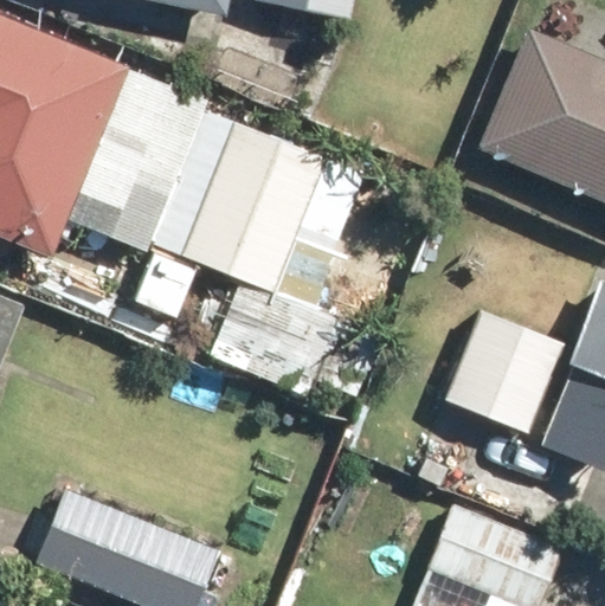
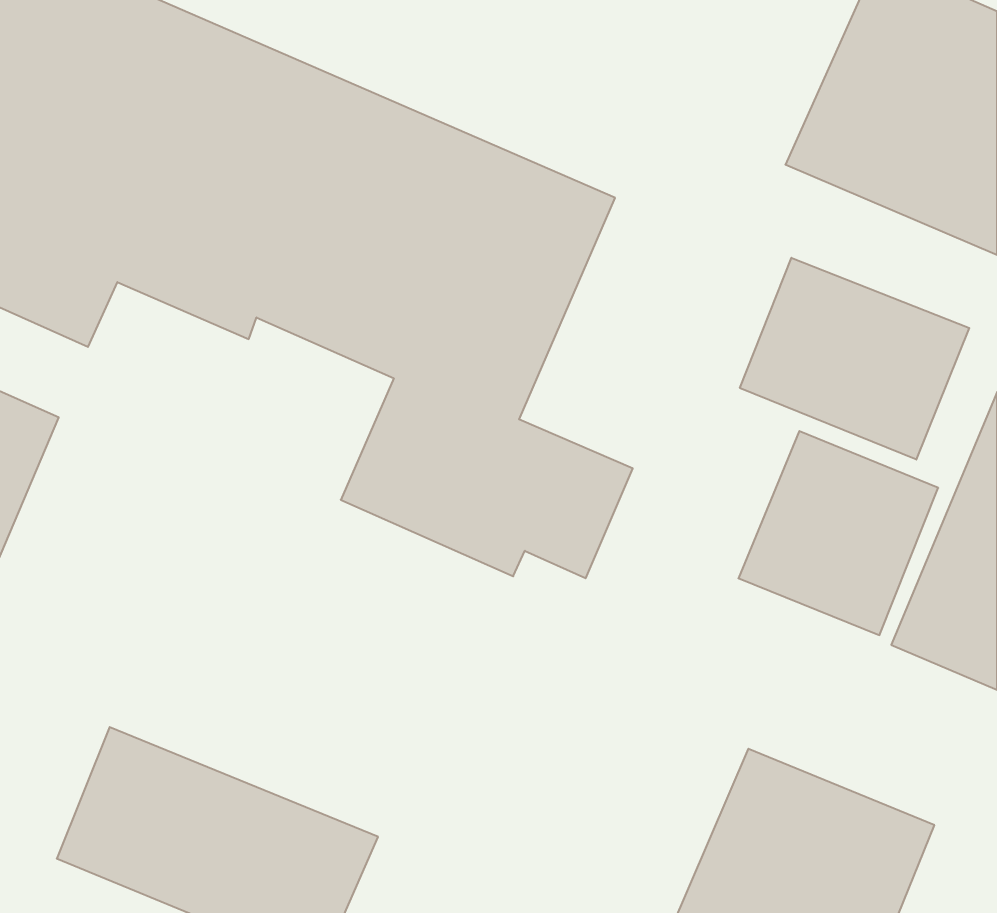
building: none -> [740,258,969,460]

